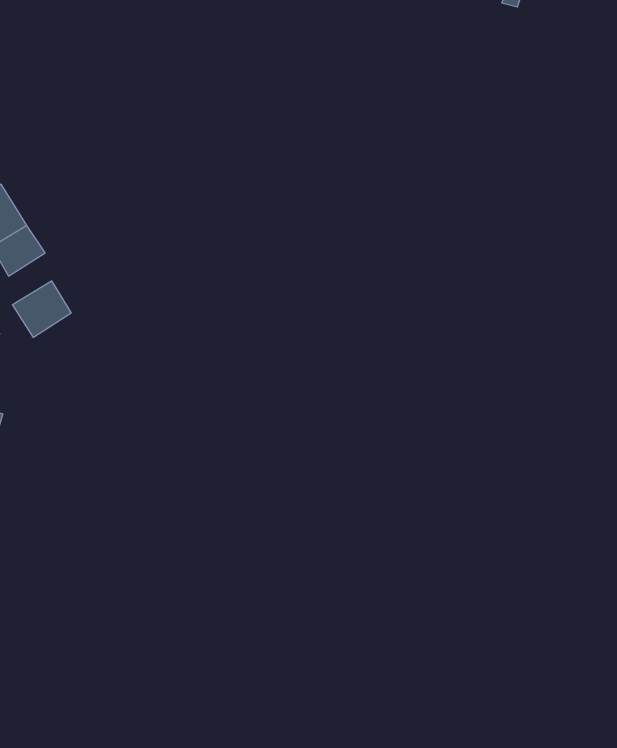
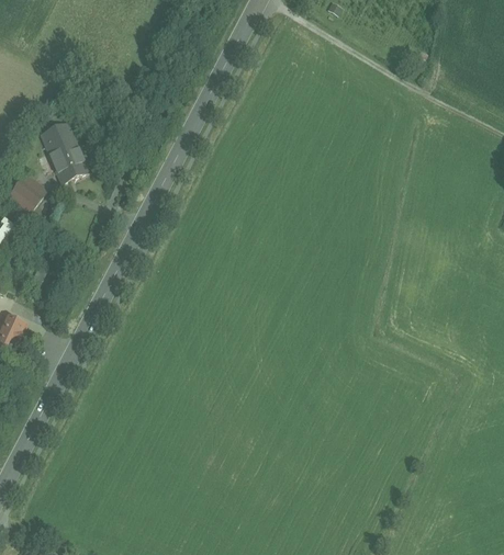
building: [13,281,71,337] -> none

